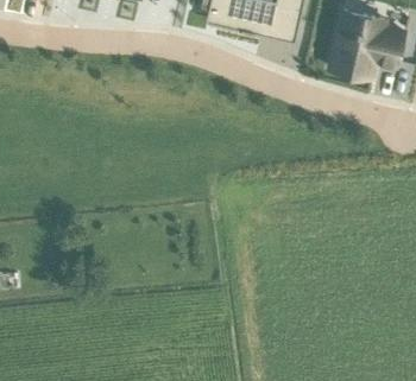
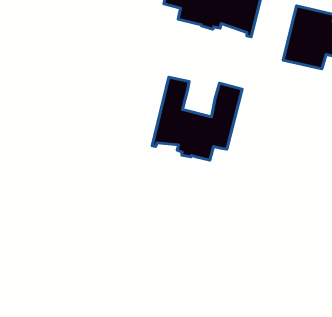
building: none -> [152,77,242,160]

